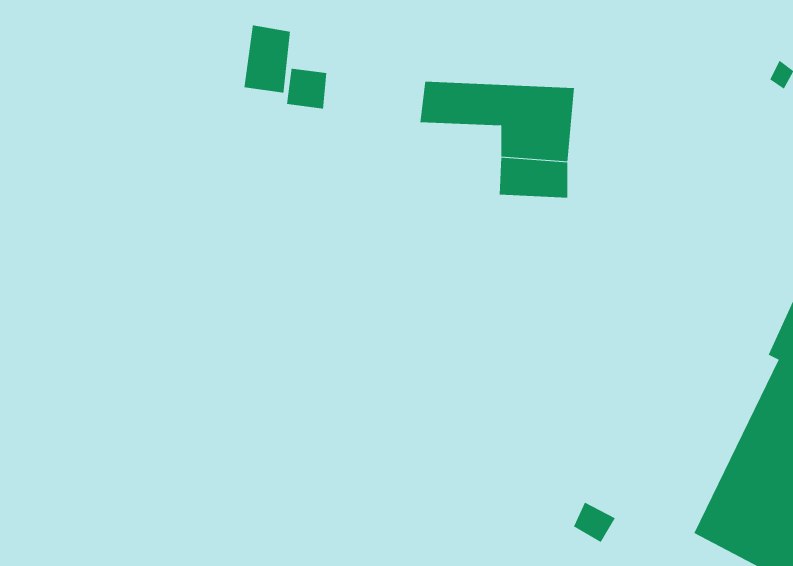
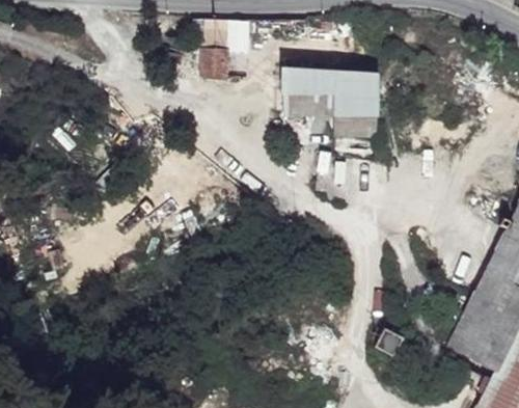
building: [244,25,291,94] -> none
building: none -> [281,89,333,111]

